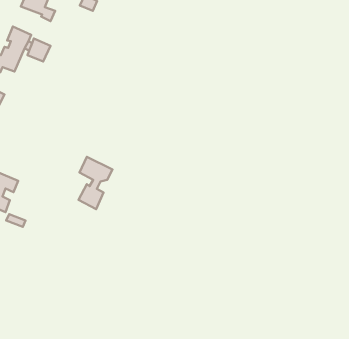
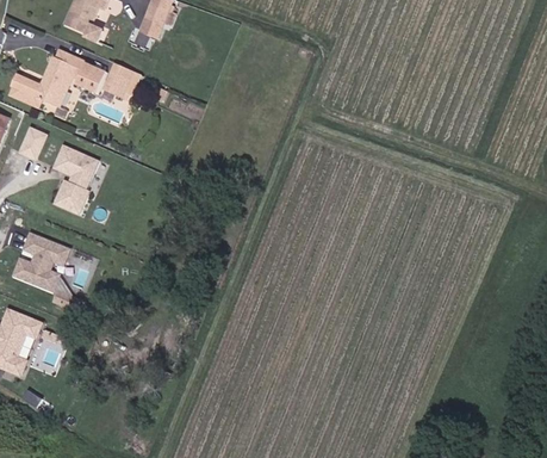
building: none -> [106,63,135,95]
building: [79,157,113,209] -> [55,148,99,216]

